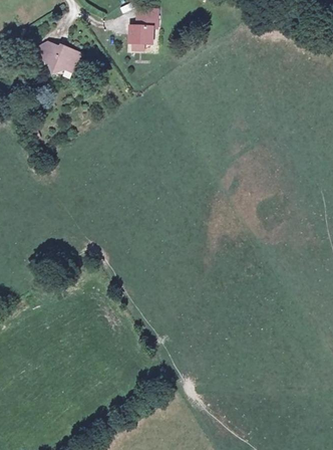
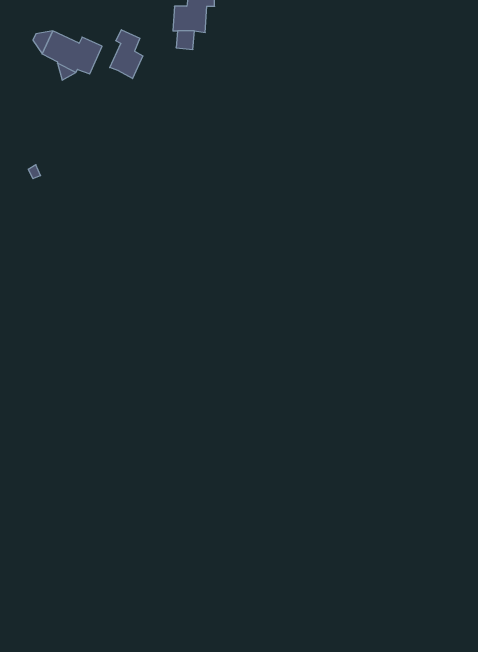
building: none -> [110,30,143,79]

